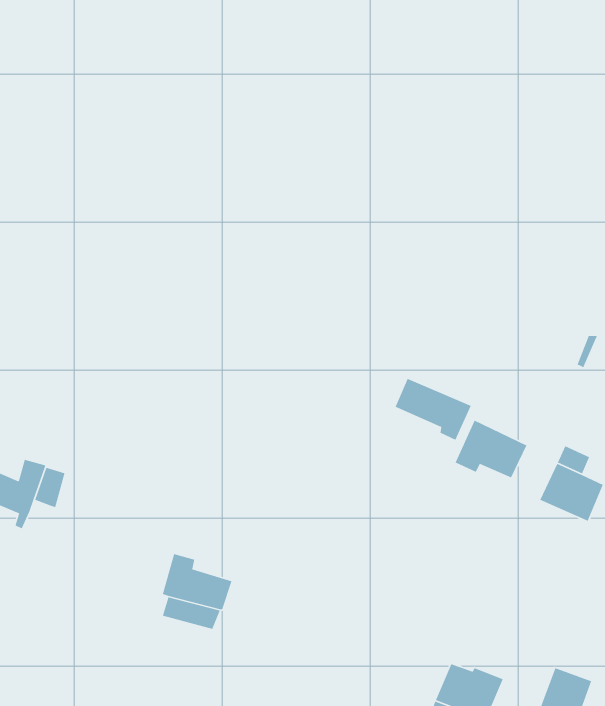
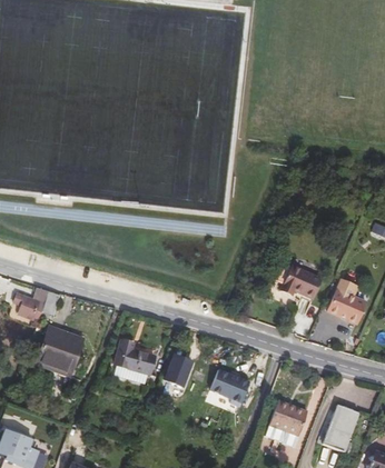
building: [395,378,472,441] -> none
building: none -> [36,328,81,376]
building: none -> [162,355,190,387]
building: none -> [209,370,247,407]

